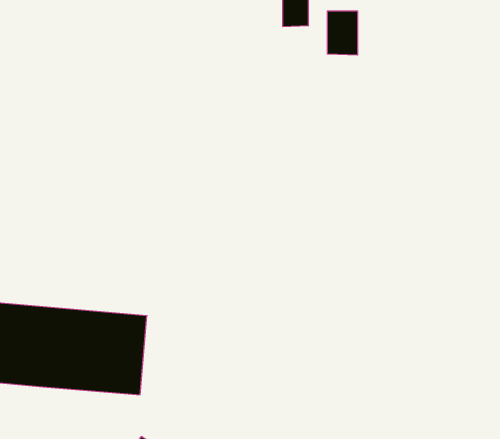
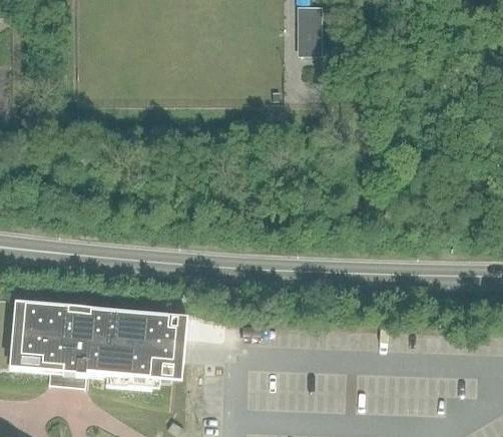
building: [327,11,357,55] -> none

